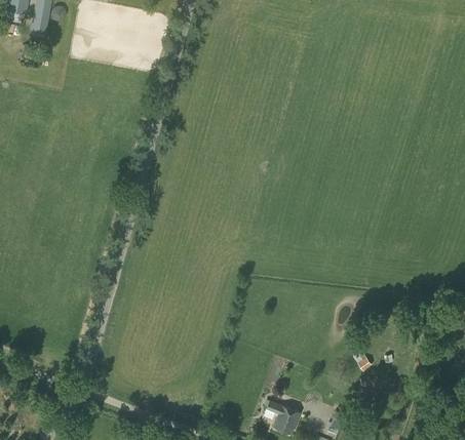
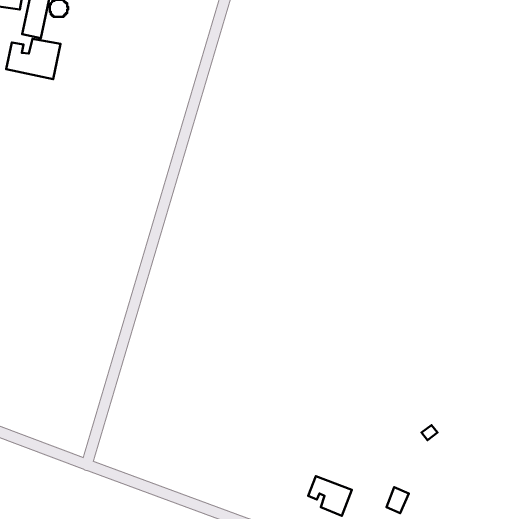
building: none -> [6,39,60,79]

